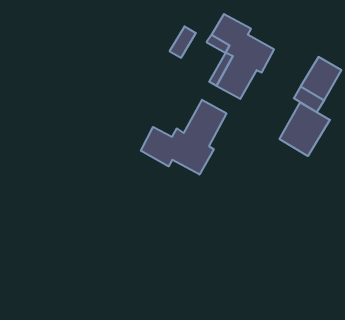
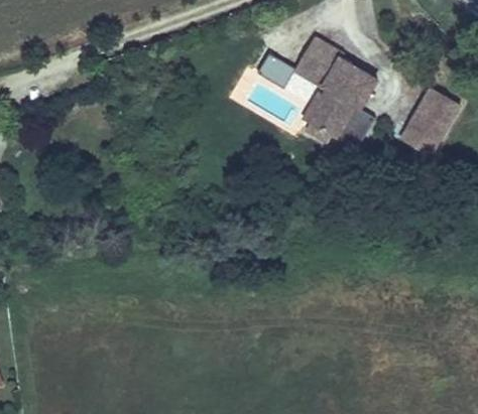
building: [141,100,226,175] -> none
building: [280,102,330,156] -> none

